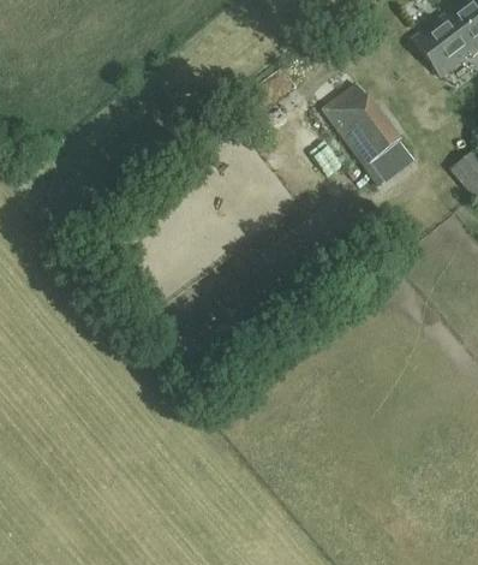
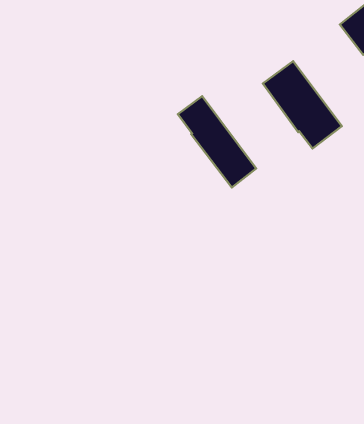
building: none -> [178,96,256,187]

